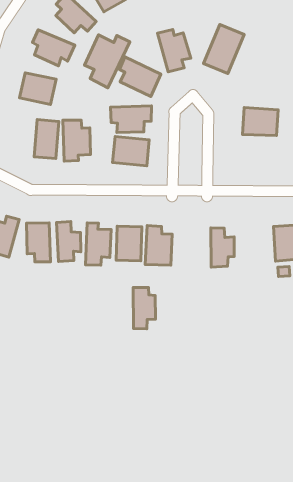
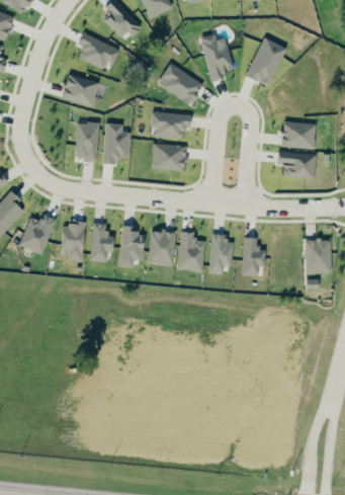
building: [85,35,130,88] -> none
building: none -> [277,153,315,177]
building: [133,287,155,329] -> [208,233,232,274]

